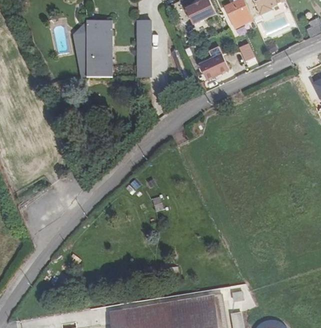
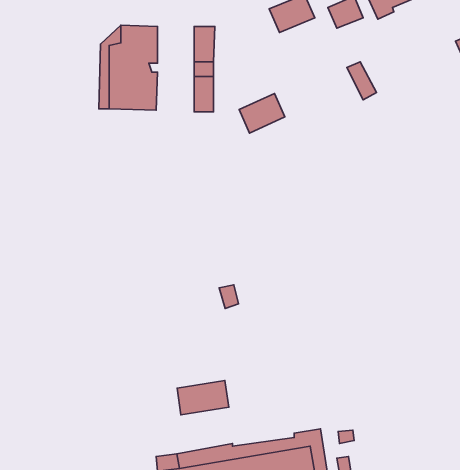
building: [197,54,228,81] -> [239,93,285,133]
building: none -> [177,380,229,415]

